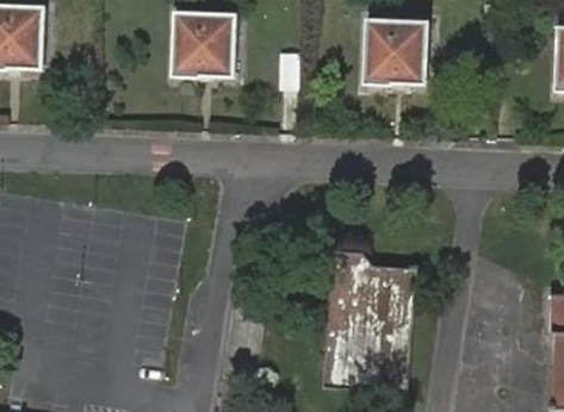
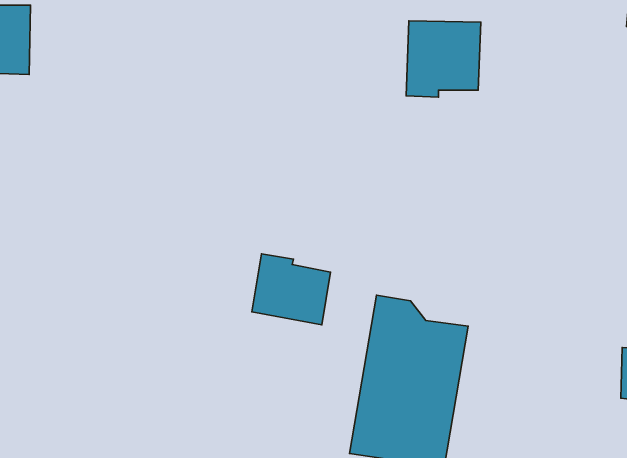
building: [171,13,235,77] -> none
building: none -> [252,254,331,325]

